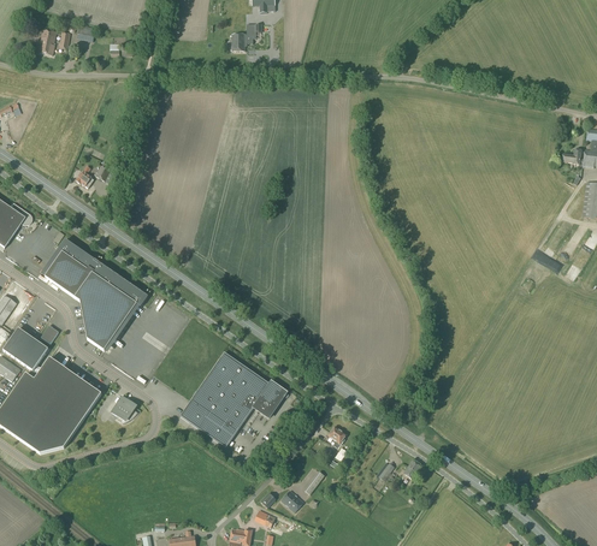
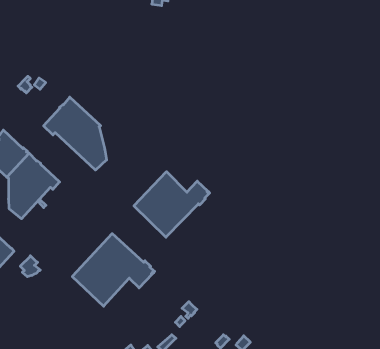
building: none -> [44,97,107,170]
building: none -> [134,172,210,237]

